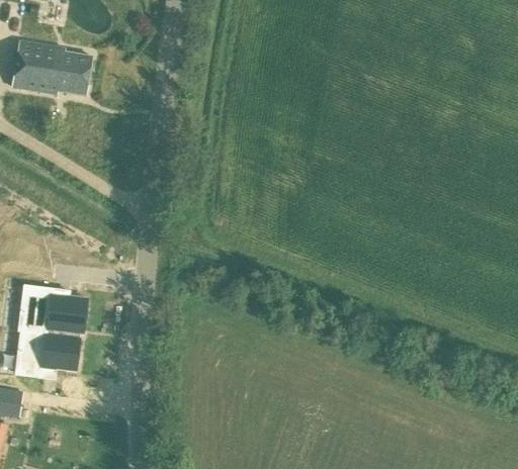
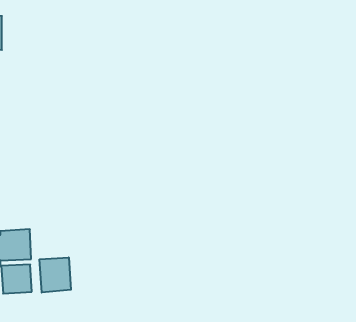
building: none -> [40,257,71,293]

